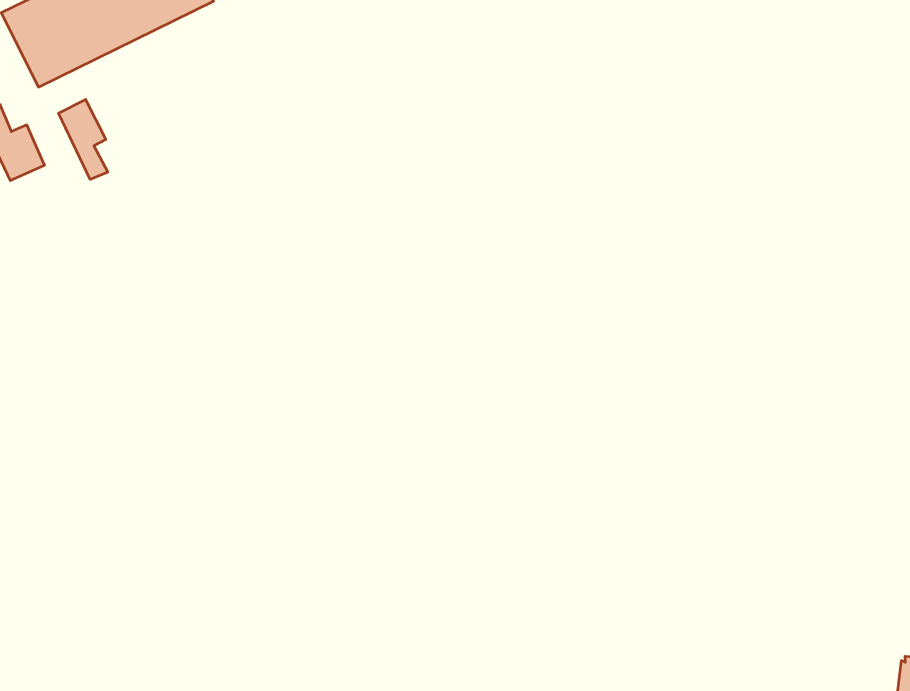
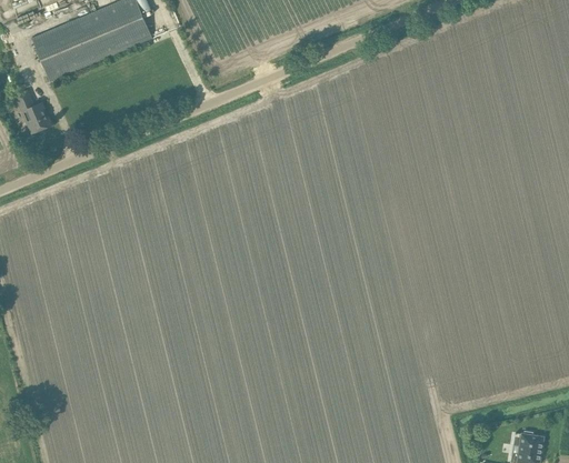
building: [59,99,108,179] -> none

